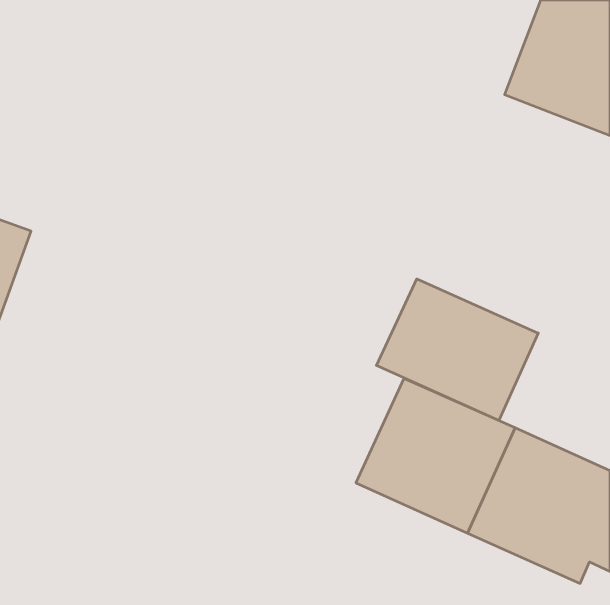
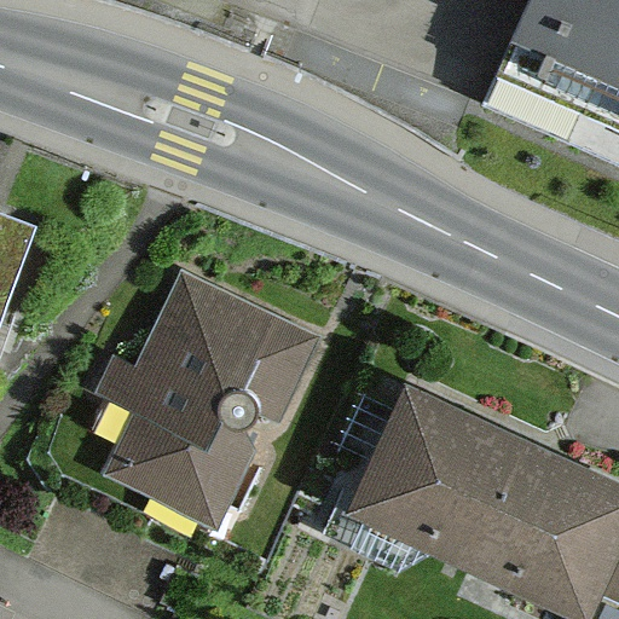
building: none -> [114,280,306,514]
building: [376,279,538,420] -> none

